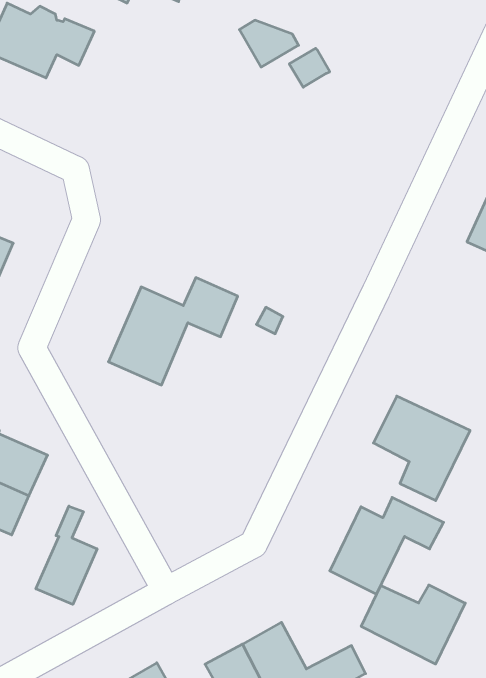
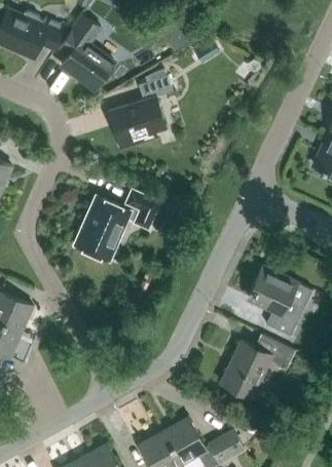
building: none -> [59,15,114,89]
building: none -> [109,76,173,149]
building: [36,506,97,604] -> none
building: [361,585,465,664] -> none

